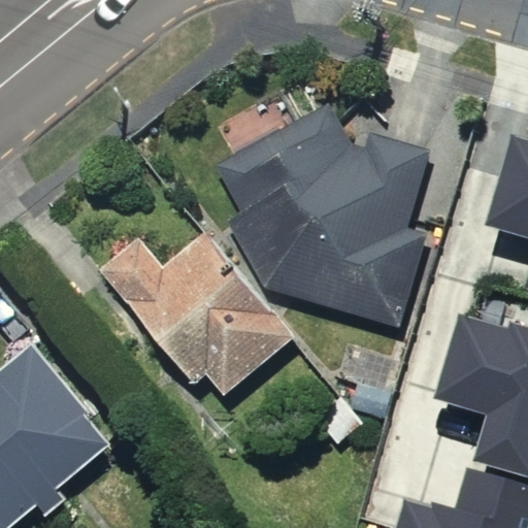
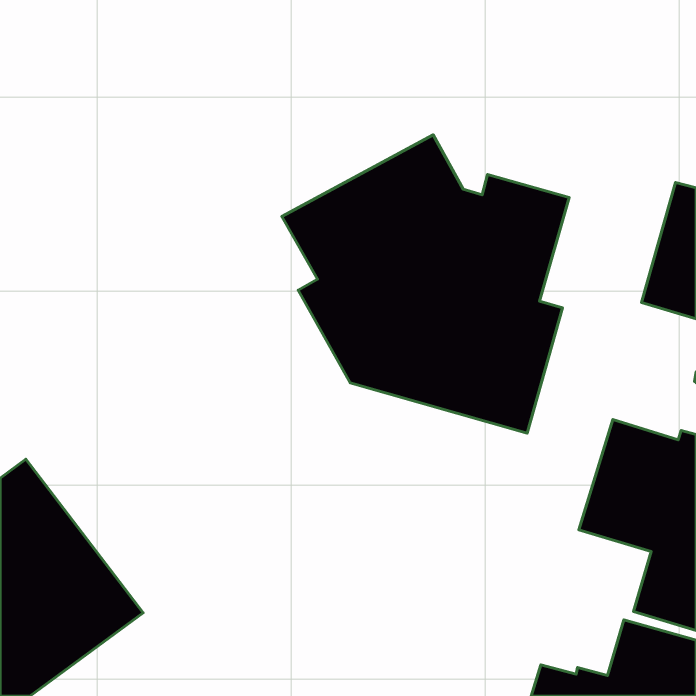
building: [100,232,292,394] -> none

